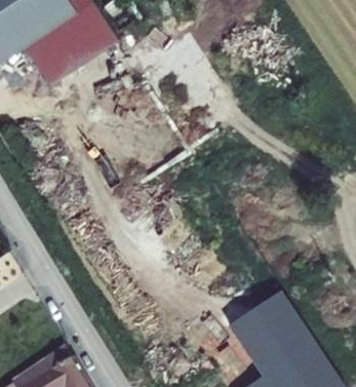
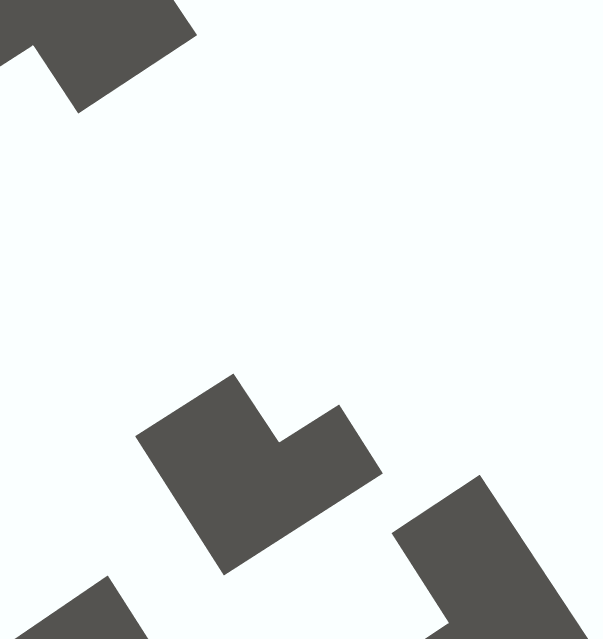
building: none -> [134,373,384,576]

